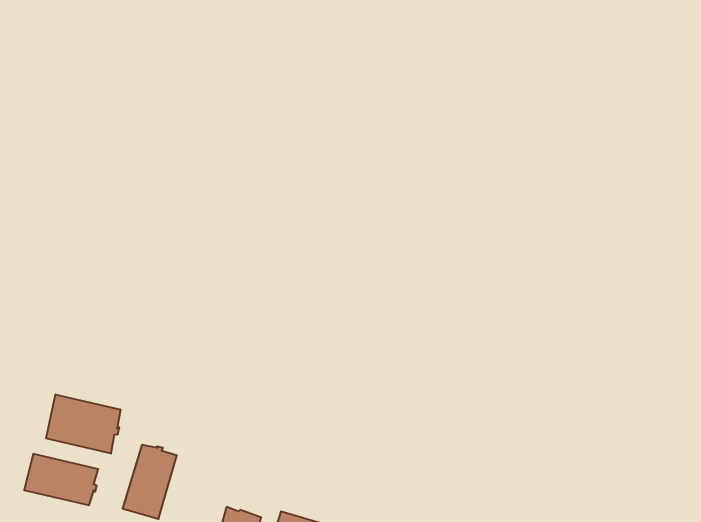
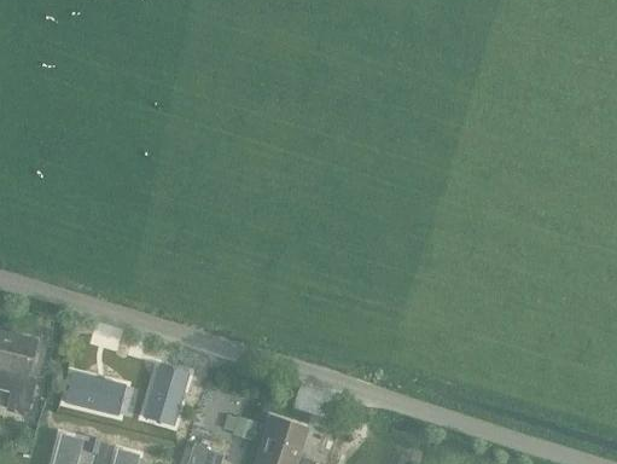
building: [46,394,120,454] -> none

